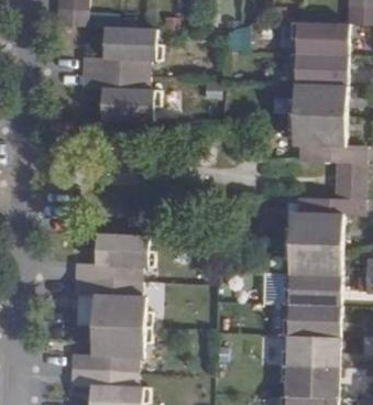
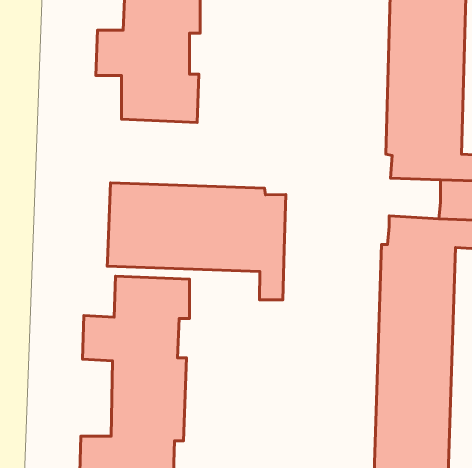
building: none -> [107,183,286,300]

